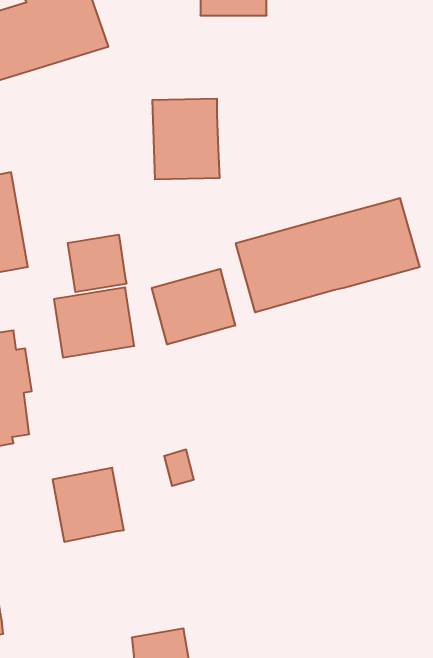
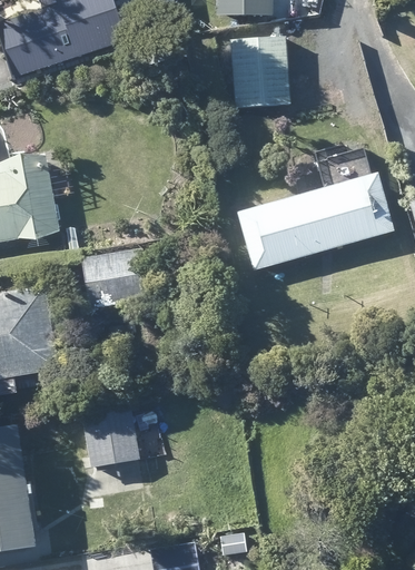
building: [152,99,220,179] -> [230,37,288,106]
building: [68,235,126,292] -> none
building: [152,269,235,344] -> none

